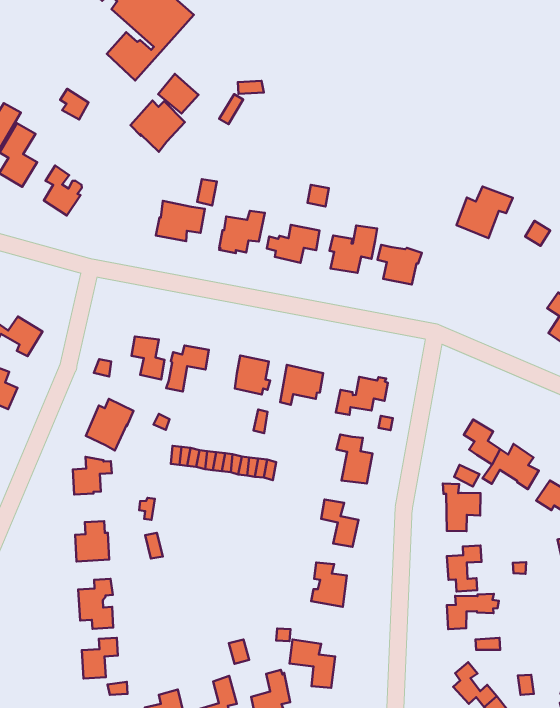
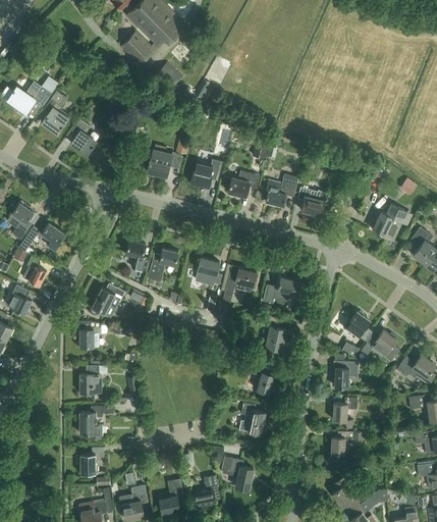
building: [130,101,185,152] -> none
building: [456,186,513,238] -> [372,206,412,242]

